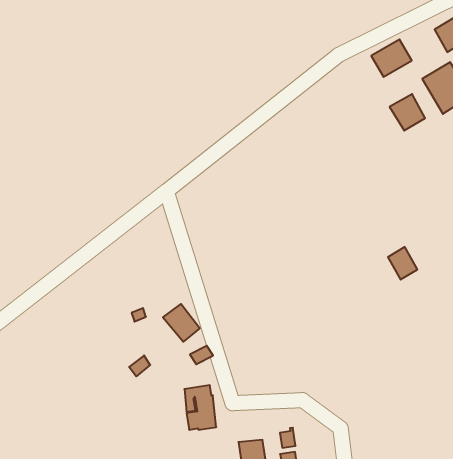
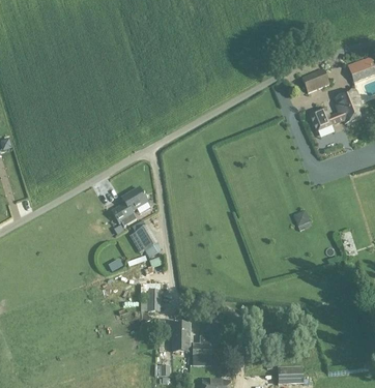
building: none -> [117,186,147,219]

